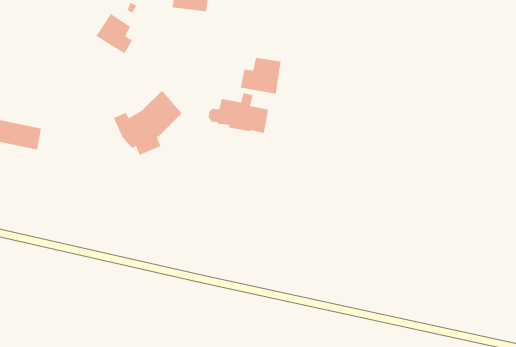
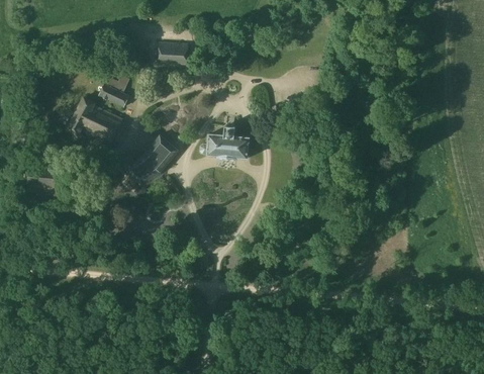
building: none -> [66,96,122,145]
building: [240,57,281,95] -> none

